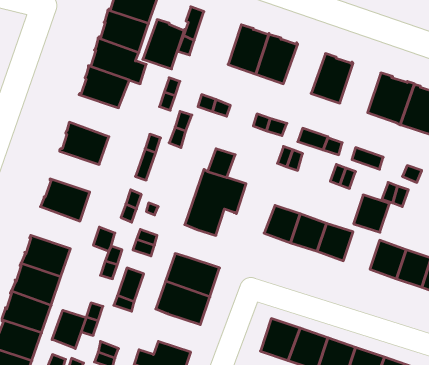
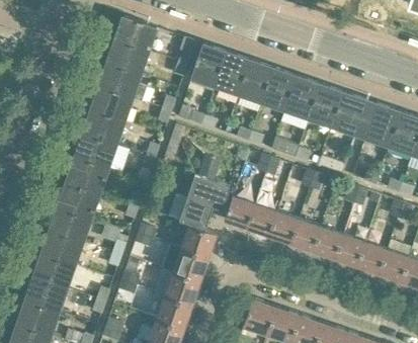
building: [143,20,185,69] -> [191,44,227,85]
building: none -> [262,68,298,109]
building: none -> [310,84,344,125]
building: none -> [82,110,123,146]
building: none -> [66,158,107,192]
building: [354,195,390,232] -> [313,226,343,257]
building: none -> [225,195,255,227]
building: none -> [50,204,91,240]
building: none -> [181,224,217,256]
building: [52,310,86,349] -> none
building: none -> [157,294,192,327]

